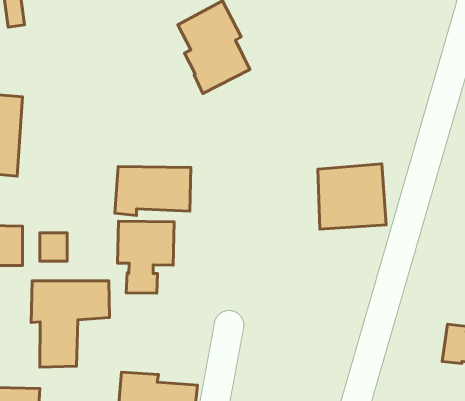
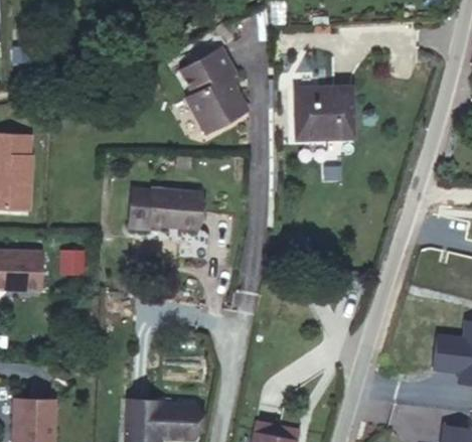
building: [318,164,386,229] -> [295,92,358,152]
building: [117,221,174,293] -> none
building: [31,281,109,367] -> none

